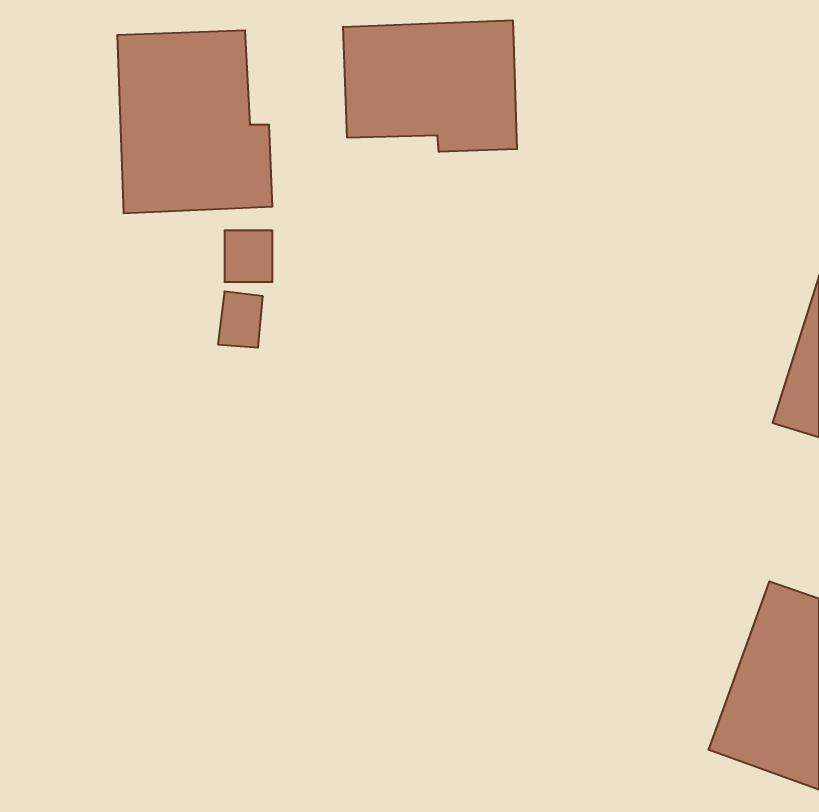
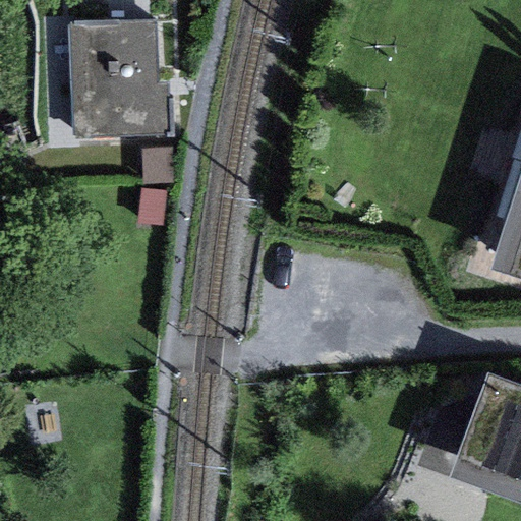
building: [343,20,517,152] -> none

